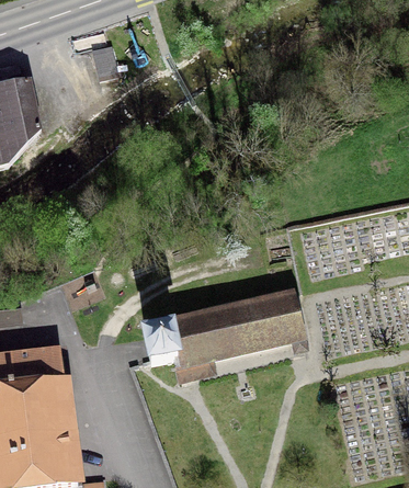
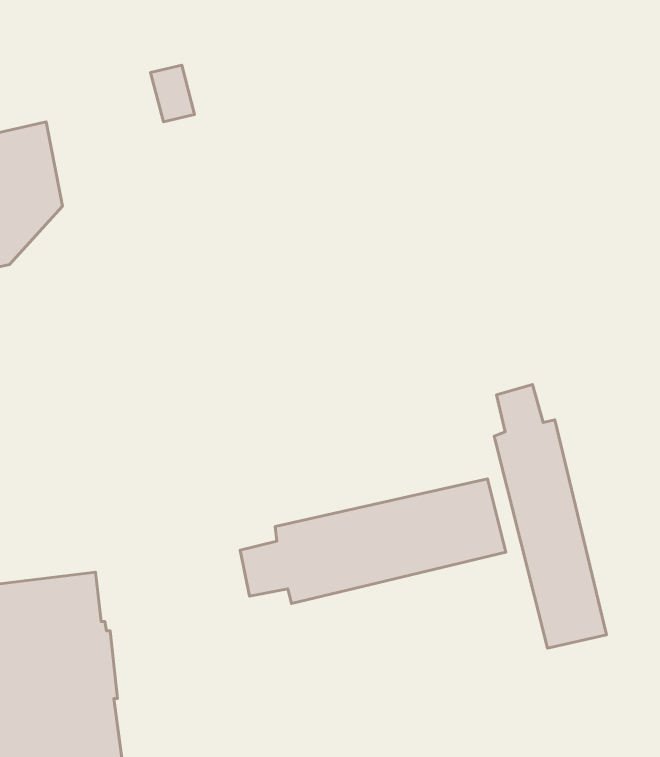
building: none -> [494,385,606,648]

